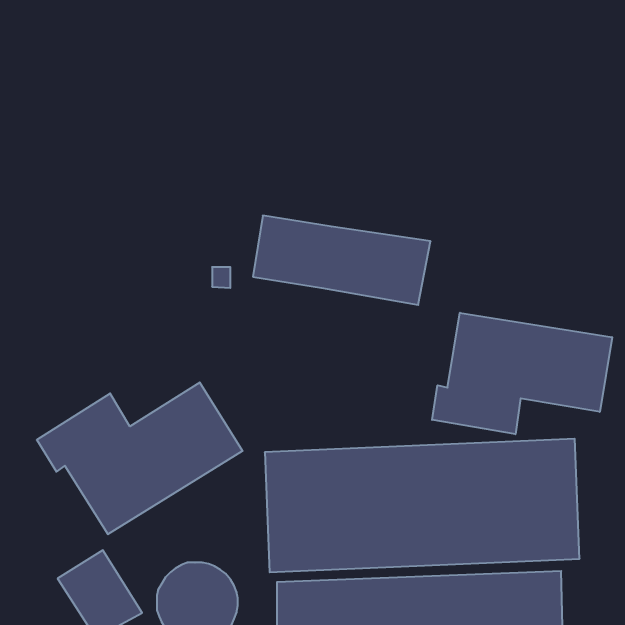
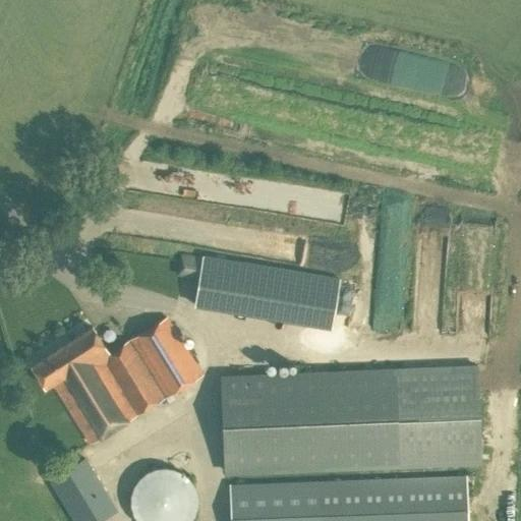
building: [253,216,431,305] -> [194,256,342,331]
building: [432,313,612,434] -> none

